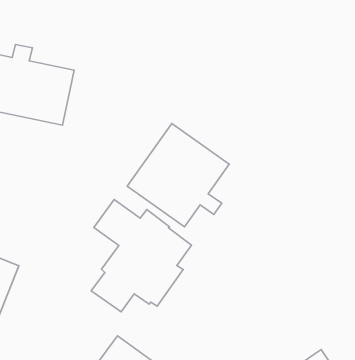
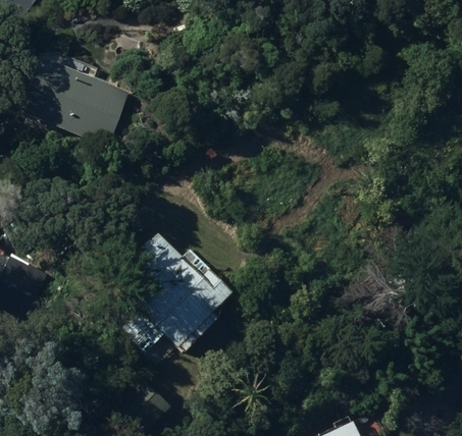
building: [127,123,229,227] -> none

